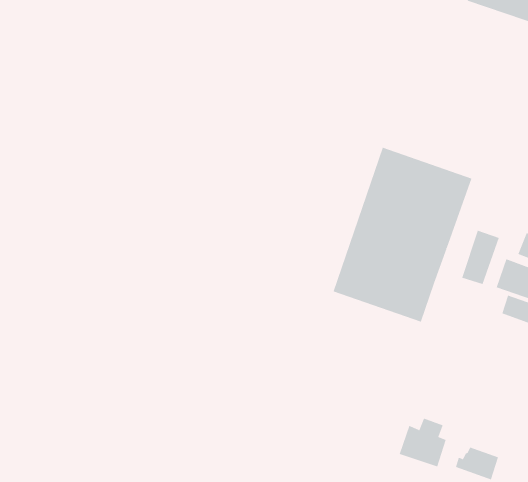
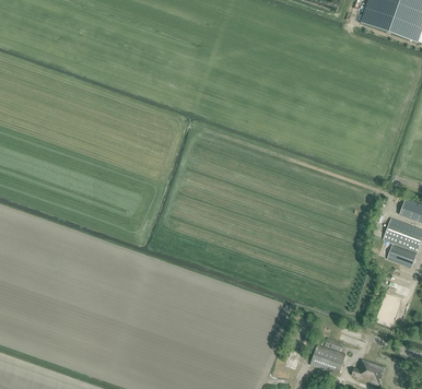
building: [333,147,472,322] -> none
building: [462,230,500,285] -> none

